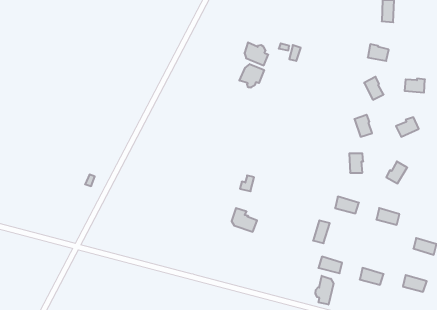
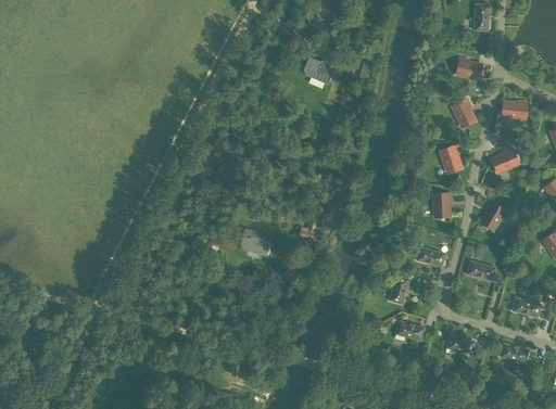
building: [239,64,264,88] -> none
building: [232,208,257,232] -> [238,227,269,256]
building: [316,276,334,305] -> none

